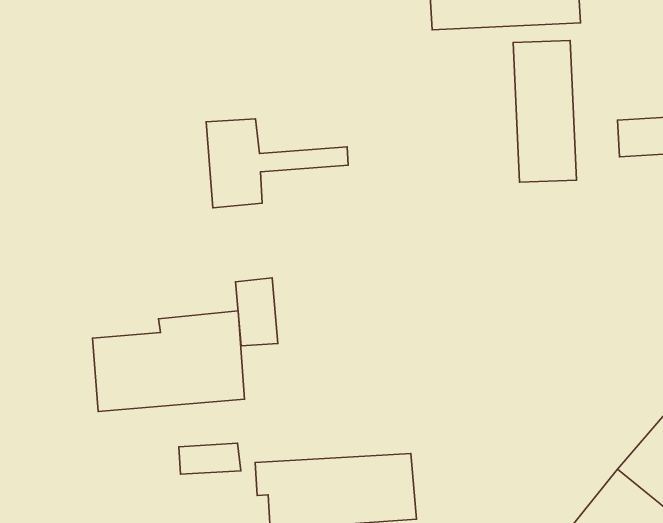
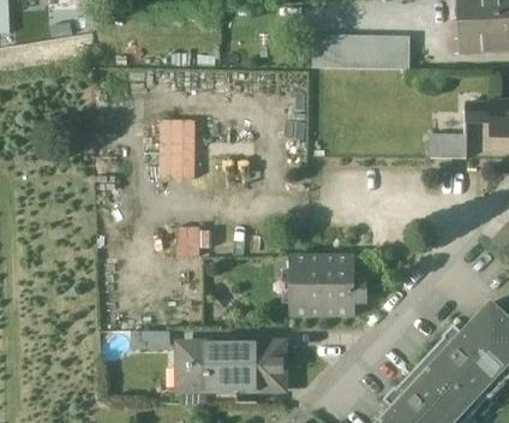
building: [513,41,577,182] -> none
building: [92,311,245,412] -> none
building: none -> [291,255,367,315]

